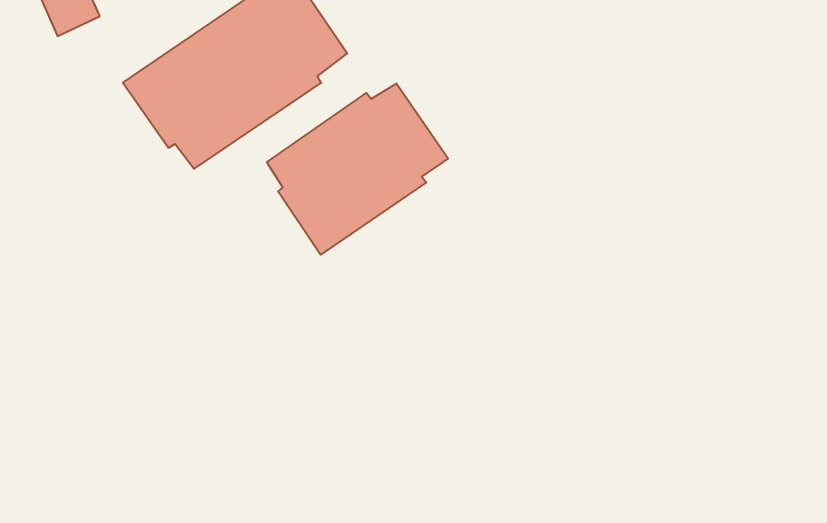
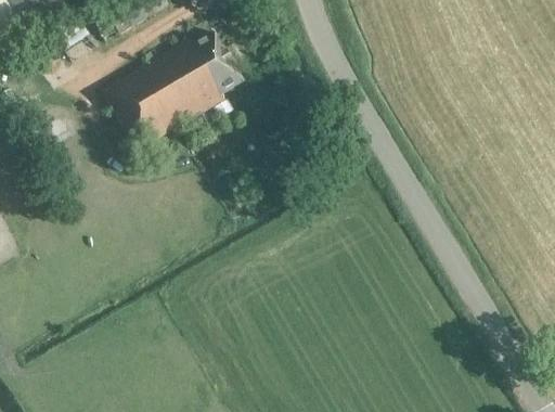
building: [267,83,448,255] -> none

